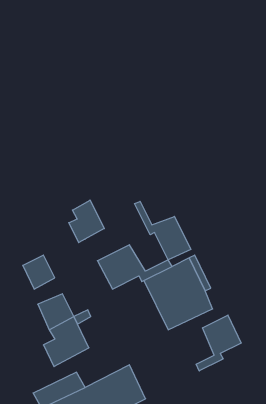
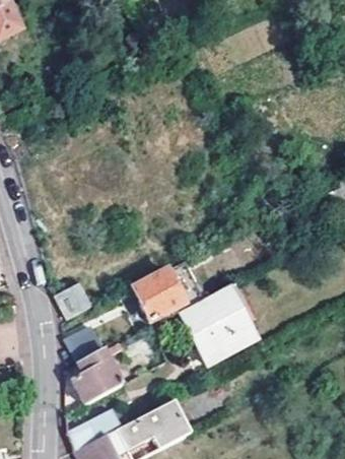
building: [69,200,104,243] -> none
building: [135,201,191,260] -> none
building: [196,315,241,371] -> none

